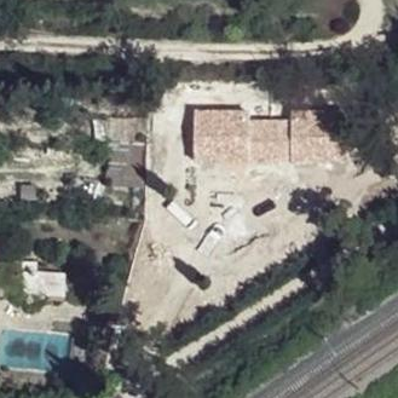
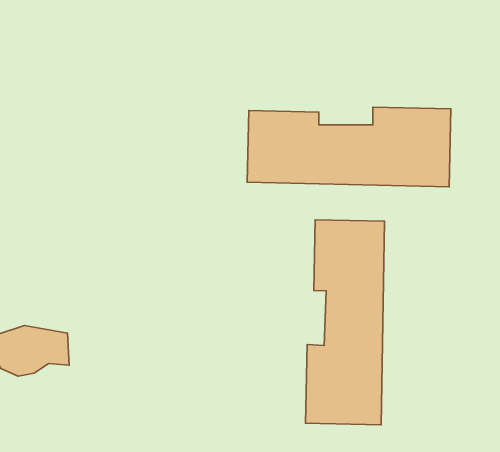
building: none -> [306,220,385,425]

